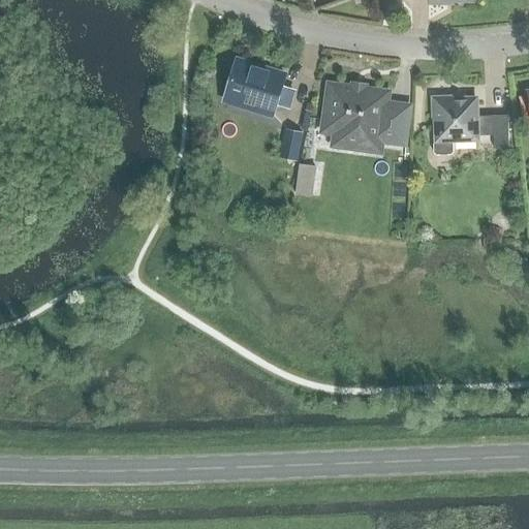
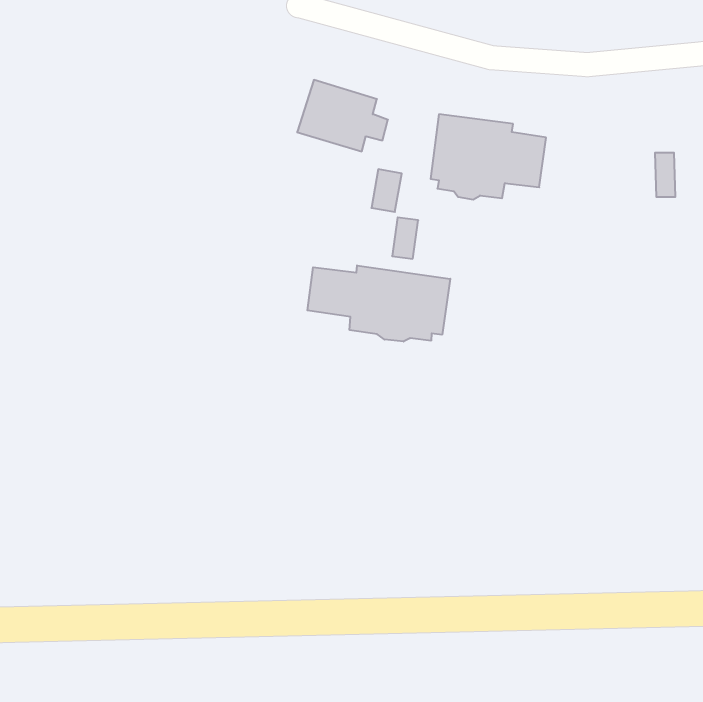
building: [431,96,476,154] -> none
building: none -> [307,265,450,342]

